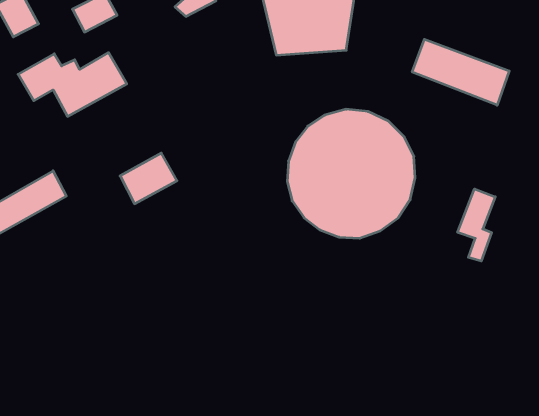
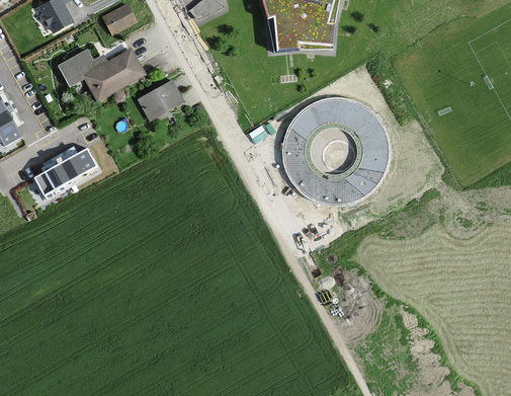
building: [412,39,509,105] -> none
building: [120,153,177,204] -> [137,79,184,122]
building: [458,189,495,261] -> none

